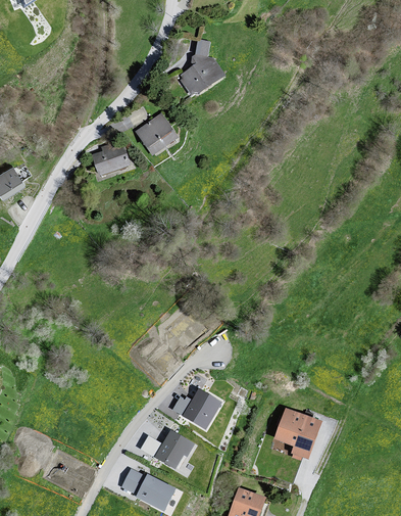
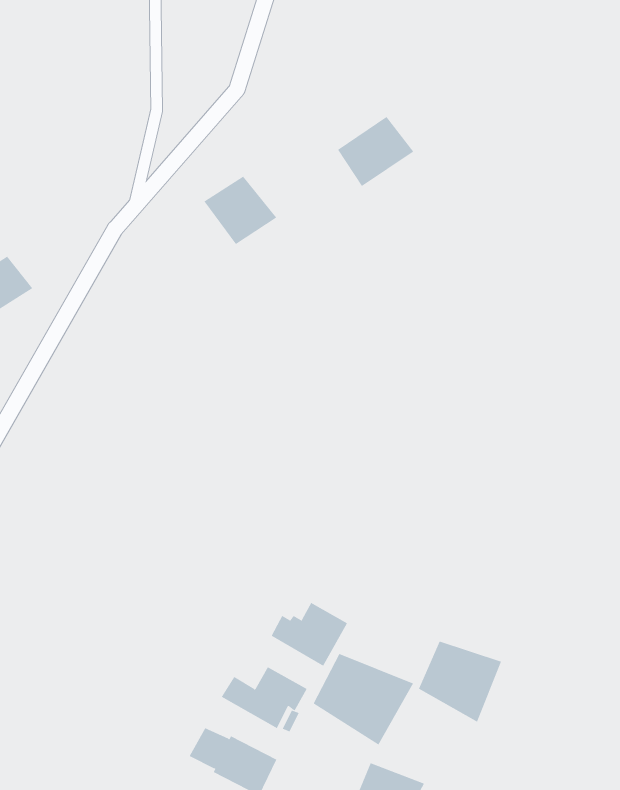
building: [177,56,225,101] -> [337,116,414,187]
building: [88,144,129,182] -> none
building: none -> [313,653,414,745]

